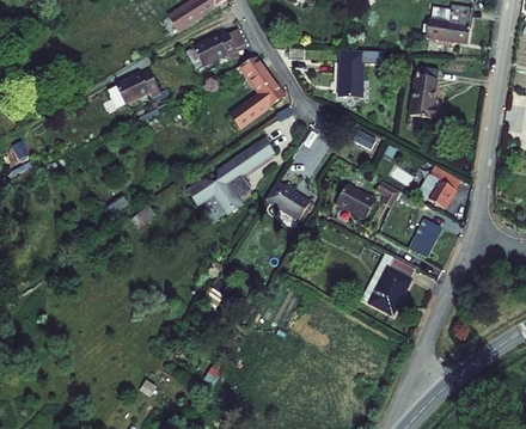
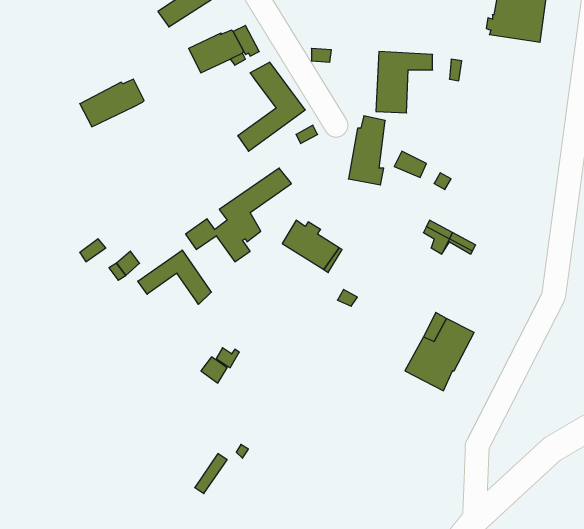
building: [409,67,438,121] -> [348,116,385,185]
building: [417,166,460,209] -> none
building: [336,184,375,220] -> none
building: none -> [138,250,211,304]
building: [409,220,439,258] -> none

